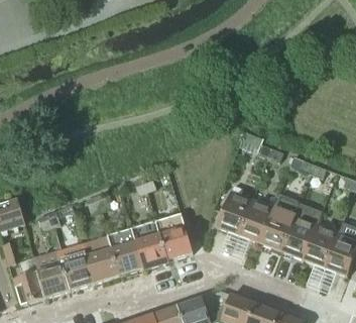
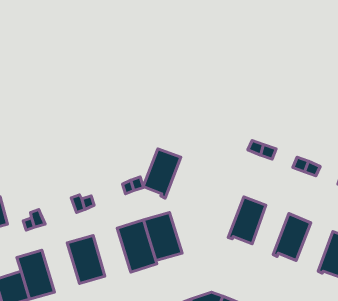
building: [217,190,253,237] -> [143,149,181,198]
building: [261,206,296,253] -> none
building: [304,223,339,270] -> none
building: [108,228,143,275] -> none
building: [58,242,95,290] -> none

